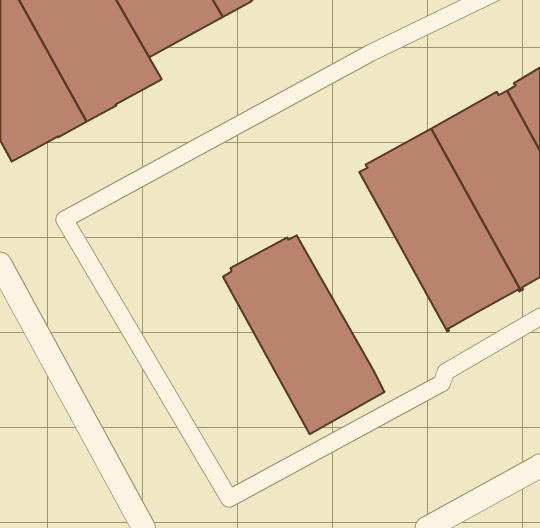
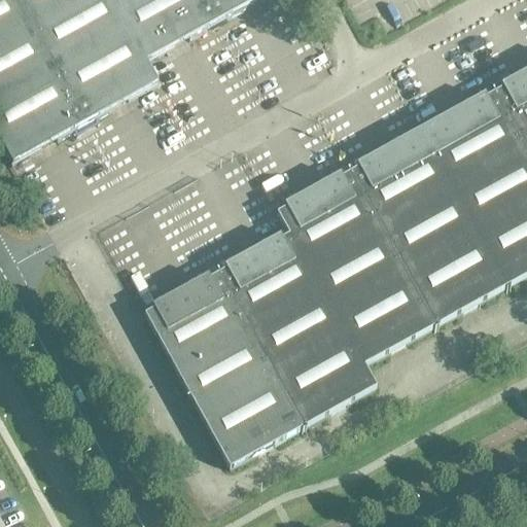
building: none -> [277,168,435,360]
building: none -> [144,270,302,463]

